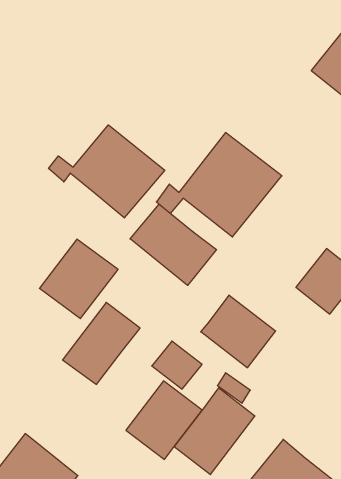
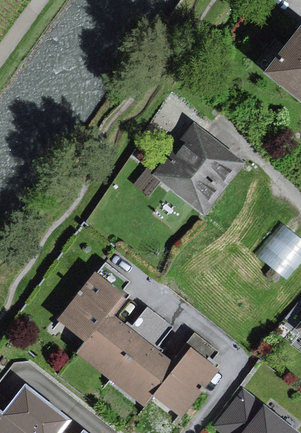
building: [49,125,165,218] -> none
building: [130,204,216,285] -> none
building: [39,239,118,319] -> [75,312,142,380]
building: [201,295,276,368] -> none

